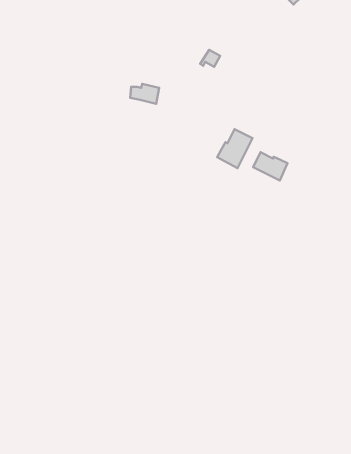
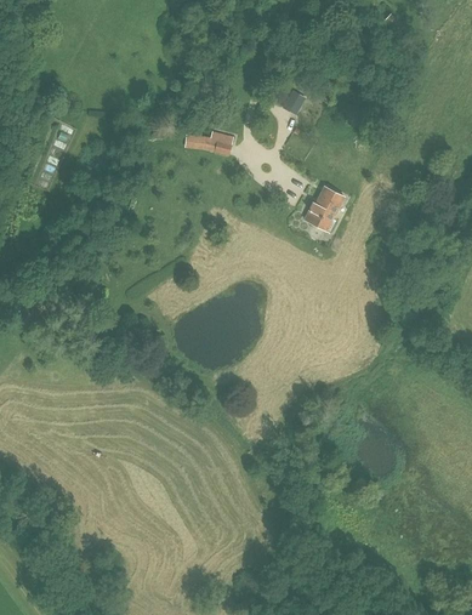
building: [253,152,288,180] -> none

